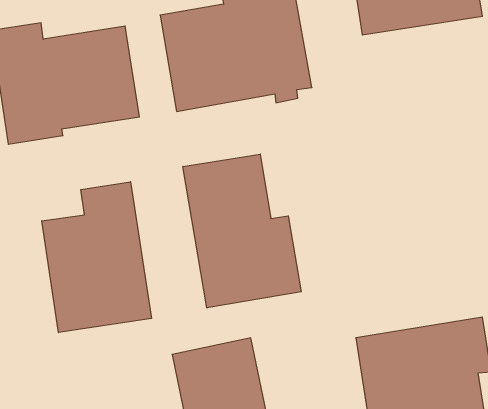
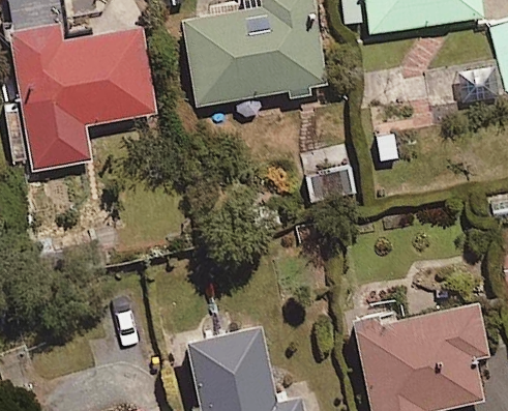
building: [183,154,301,308] -> none
building: [42,182,152,333] -> none

